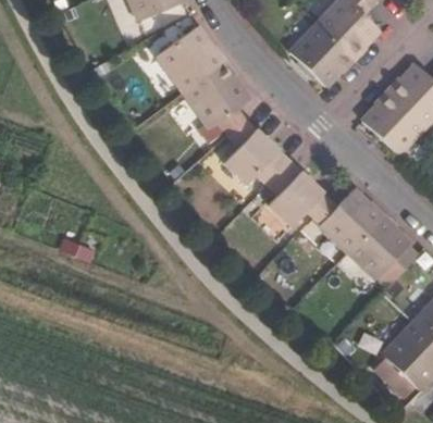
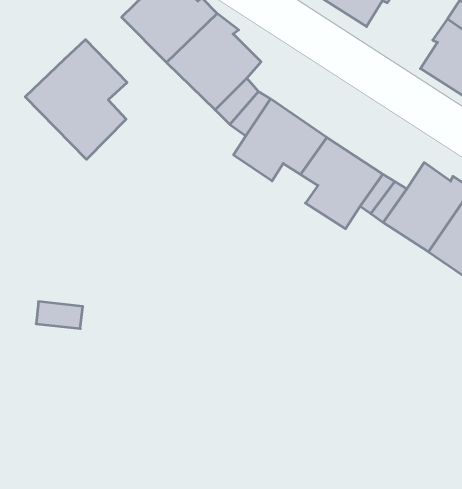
building: none -> [25,40,127,159]

